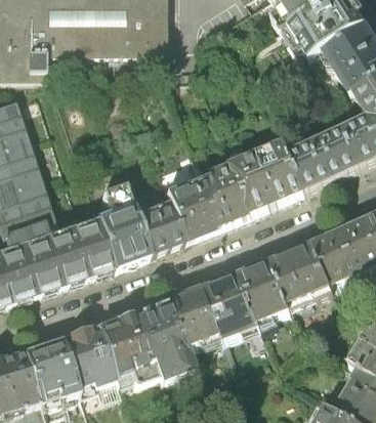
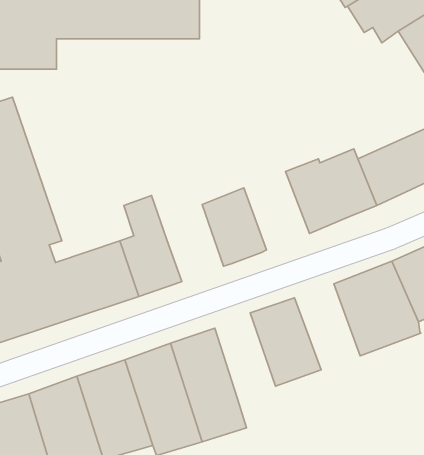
building: [199,163,252,226] -> none
building: [136,189,182,252] -> none
building: [240,254,293,324] -> none
building: [175,278,224,347] -> none

